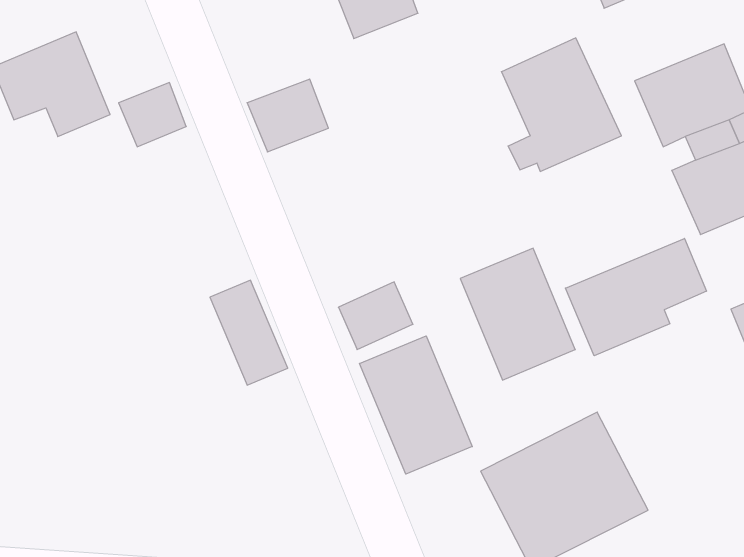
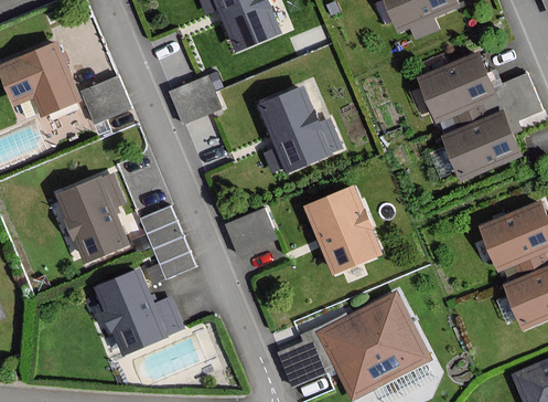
building: [501,38,621,171] -> [260,83,339,170]
building: none -> [57,173,123,260]
building: [565,238,706,356] -> none
building: [360,336,472,474] -> none
building: none -> [98,274,179,350]

